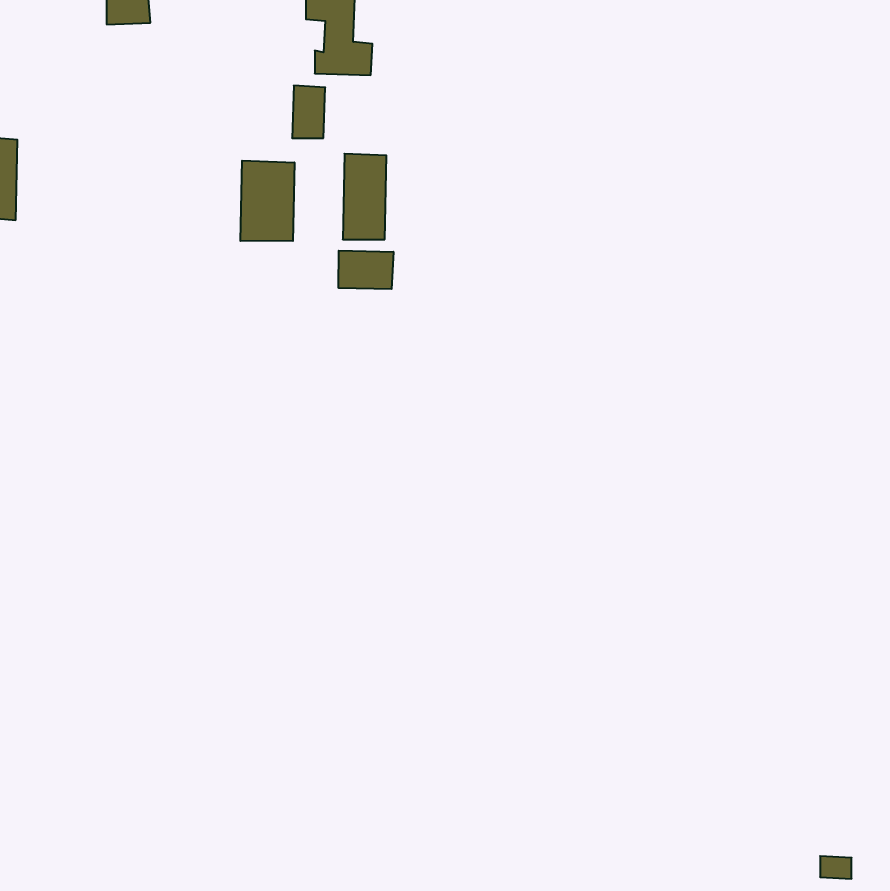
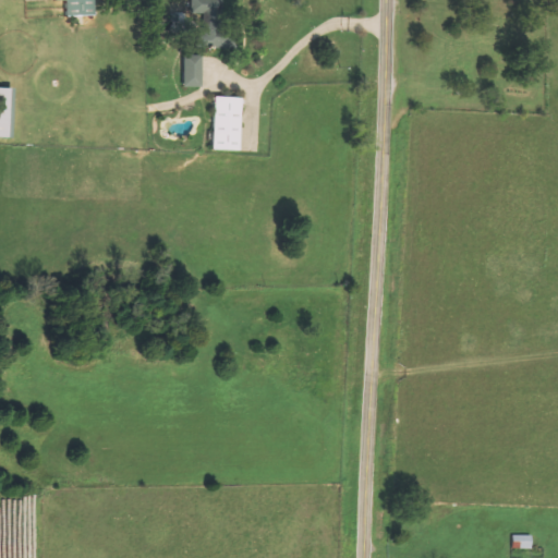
building: [240,161,294,241] -> none
building: [339,251,393,289] -> none

